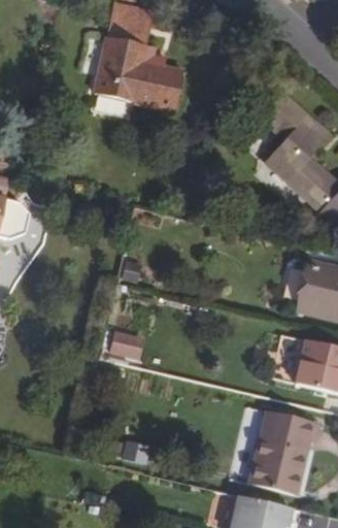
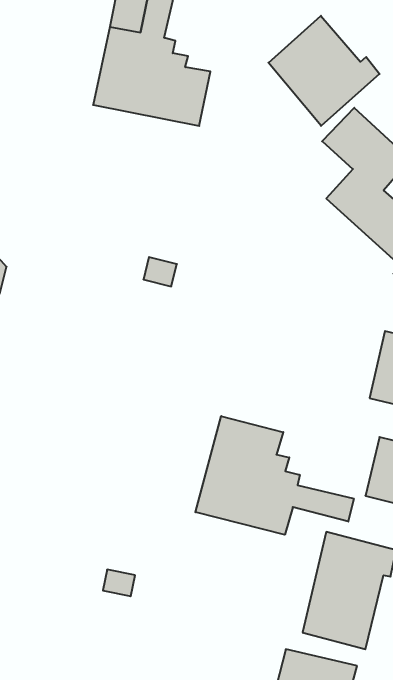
building: none -> [268,16,380,126]
building: none -> [195,416,354,535]
building: [106,327,144,360] -> none

